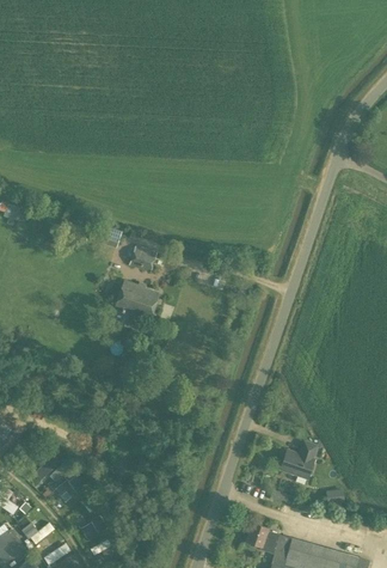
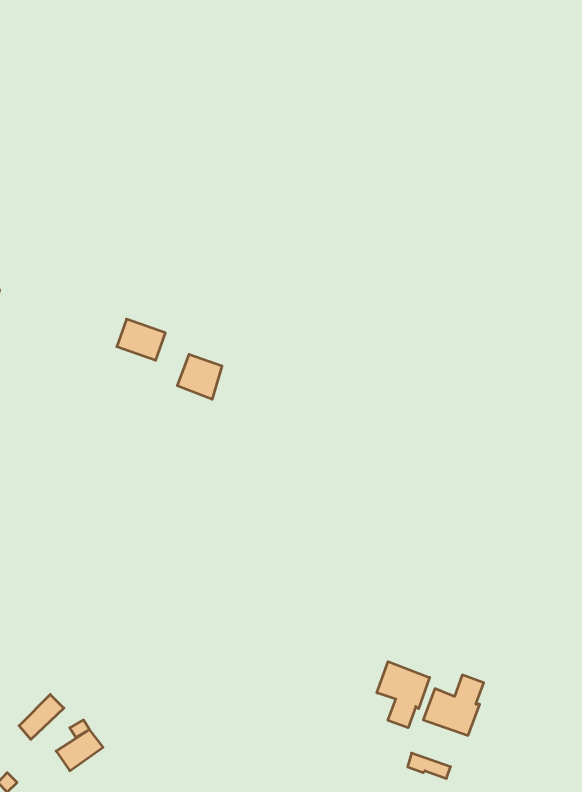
building: [116,281,160,320] -> none
building: none -> [377,662,430,728]

